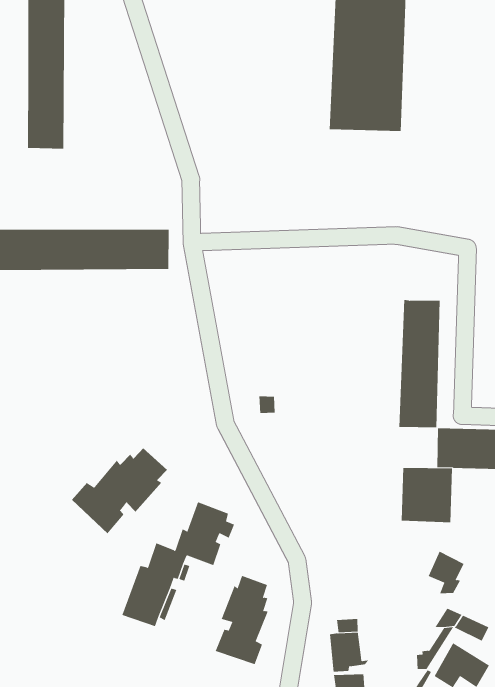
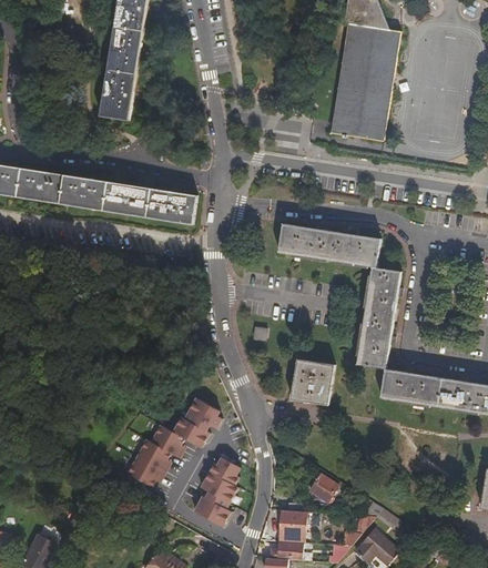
building: none -> [275,221,378,267]
building: [71,448,168,534] -> none
building: [401,468,453,523] -> [288,357,333,404]
building: [428,551,465,594] -> [308,474,337,507]

